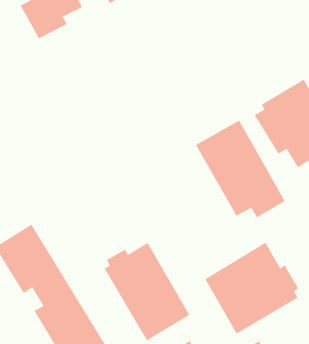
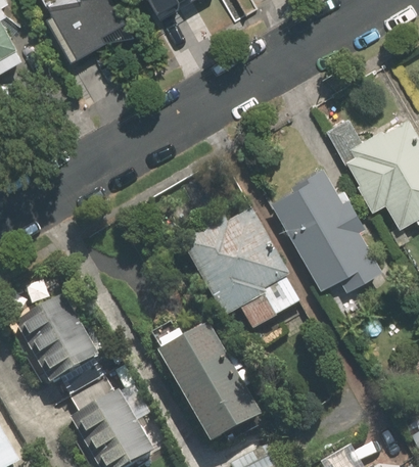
building: none -> [180,204,305,332]
building: [205,242,299,335] -> none

